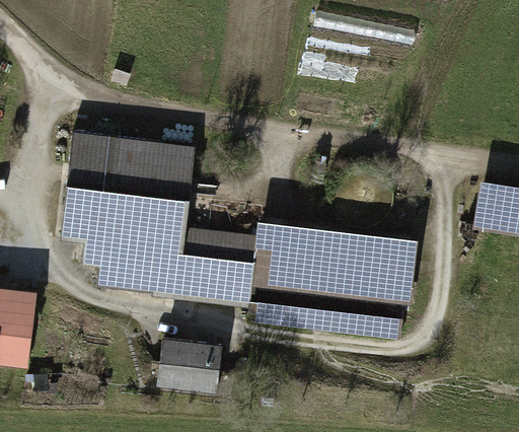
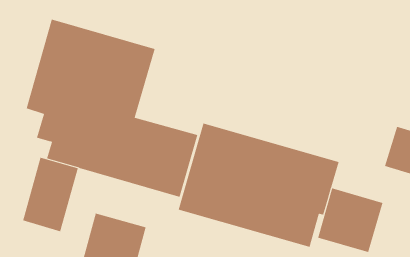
building: none -> [317,187,383,253]
building: none -> [22,157,78,232]

